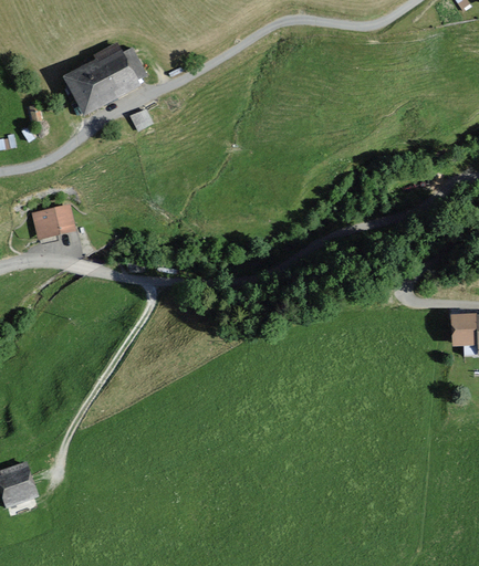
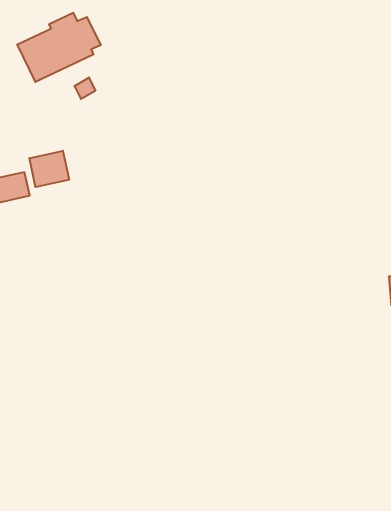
building: none -> [29,151,69,187]

